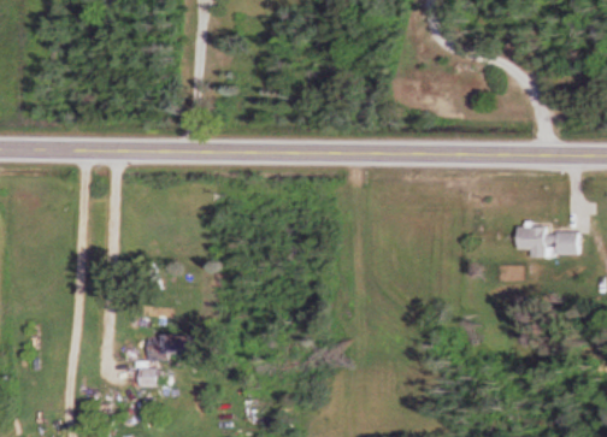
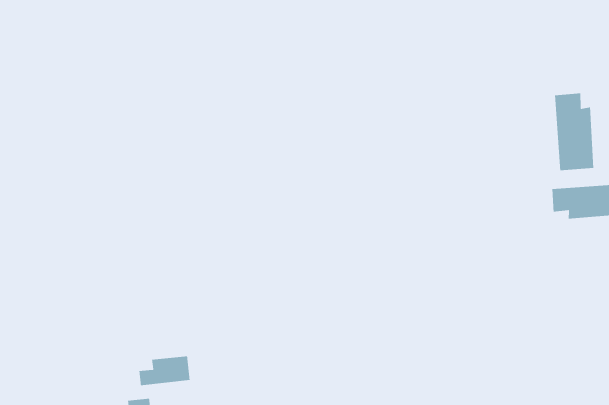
building: none -> [554,92,594,171]

